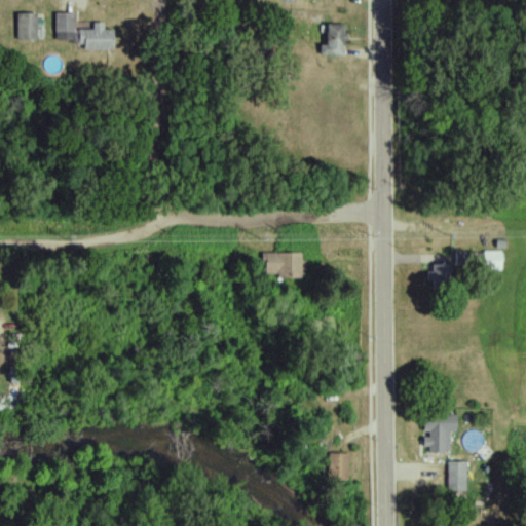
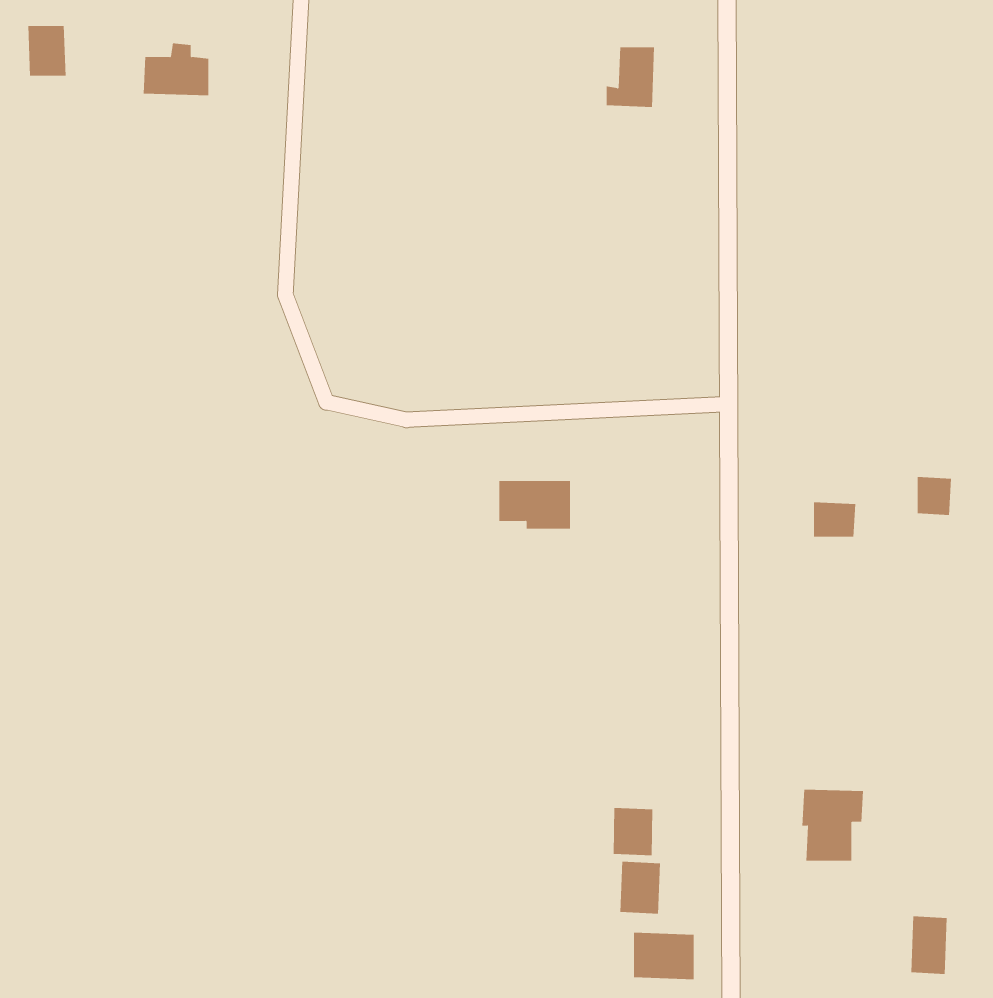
building: [57,13,75,40] -> none
building: none -> [613,807,653,856]
building: [448,461,467,492] -> [910,916,948,974]
building: none -> [633,932,694,980]

